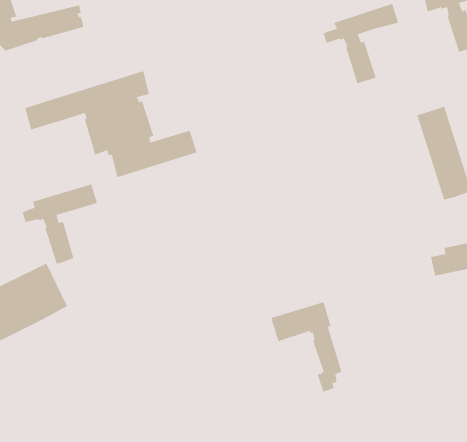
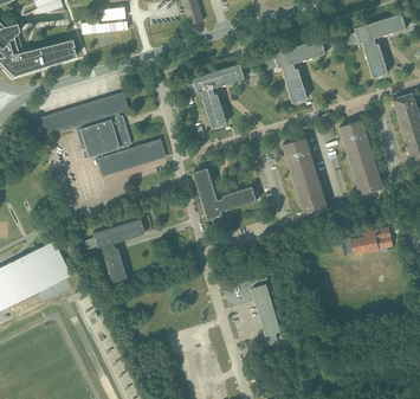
building: none -> [185,63,245,127]
building: none -> [283,137,327,212]
building: none -> [193,167,257,229]
building: [22,184,98,264] -> [84,218,144,282]

